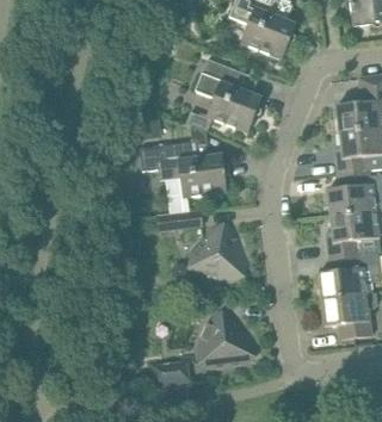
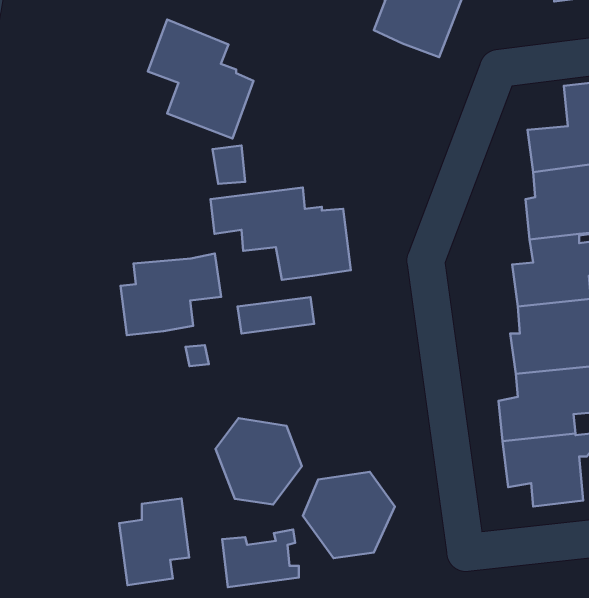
building: [196,58,261,132] -> [148,20,254,139]
building: none -> [121,254,221,335]
building: [193,229,247,283] -> [215,418,302,504]
building: none -> [119,498,189,585]

